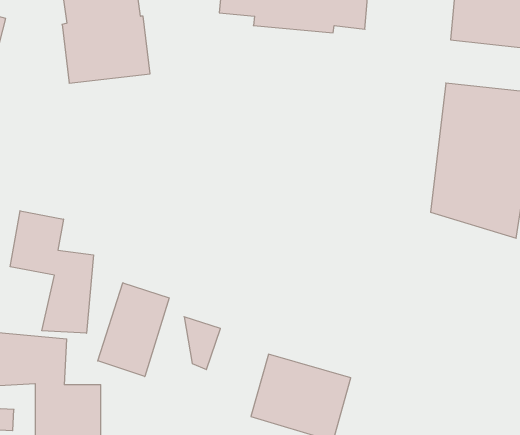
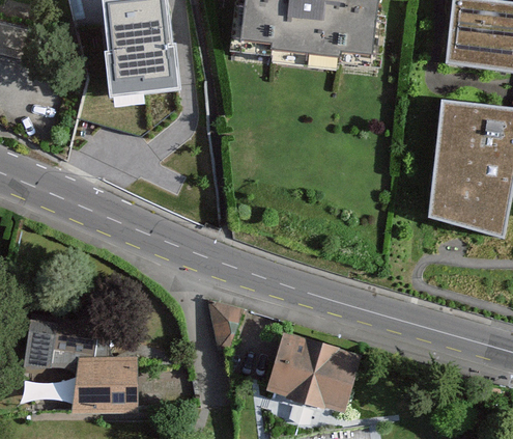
building: [10,211,93,333] -> none
building: [98,283,169,377] -> none

